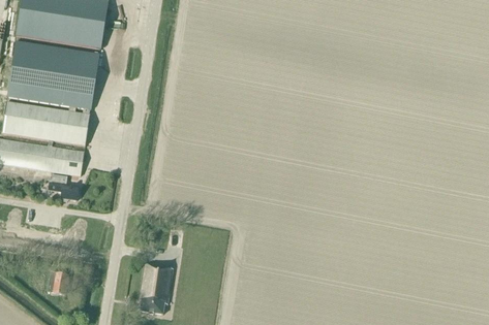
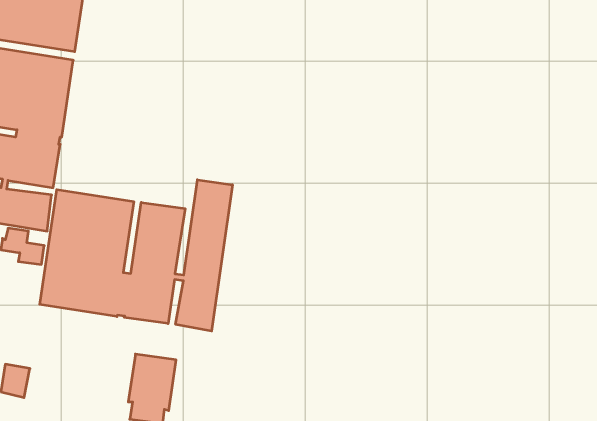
building: none -> [40,180,232,331]

